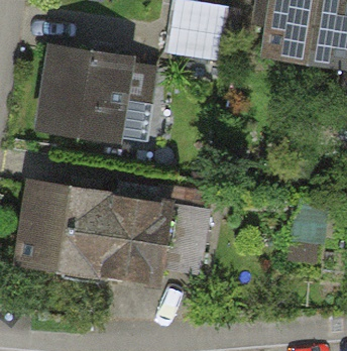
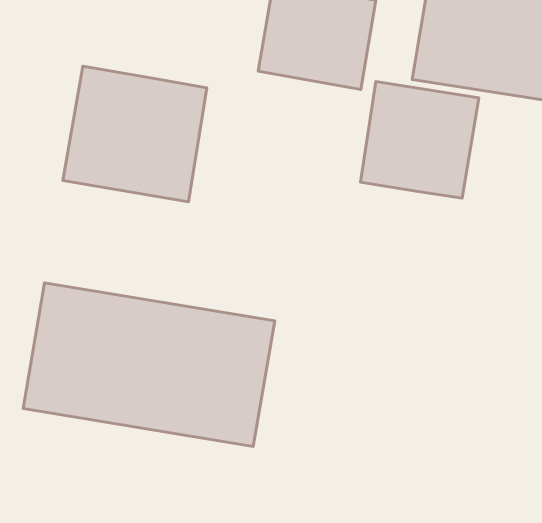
building: none -> [360,82,479,198]

